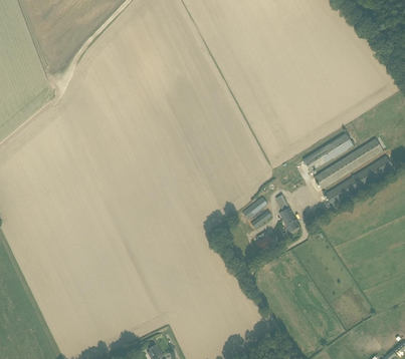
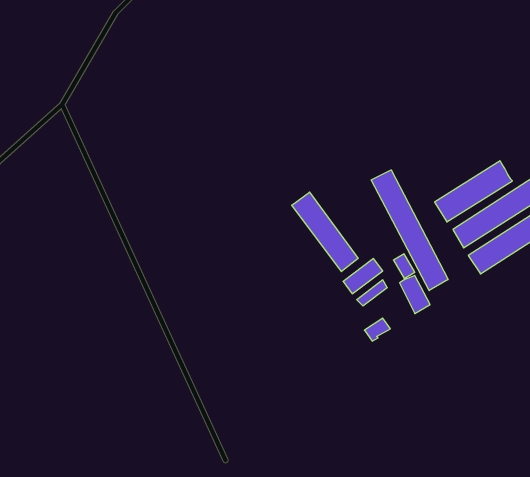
building: none -> [371,170,448,291]
building: none -> [292,192,358,272]

